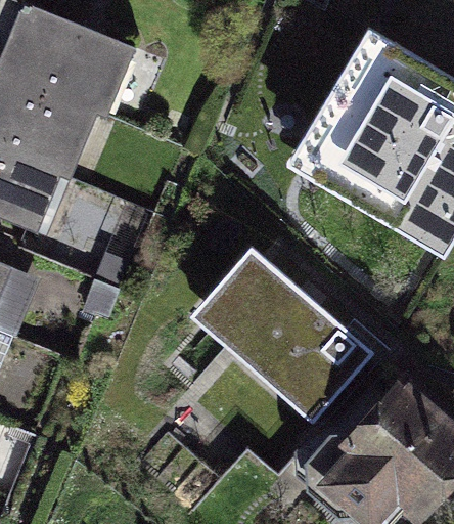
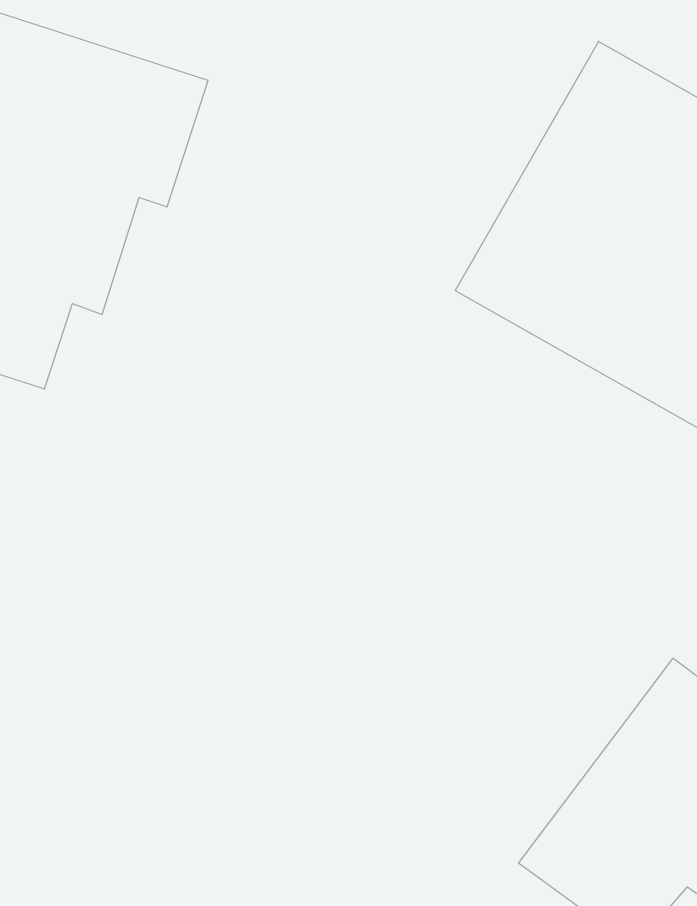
building: [192,246,380,425] -> none

